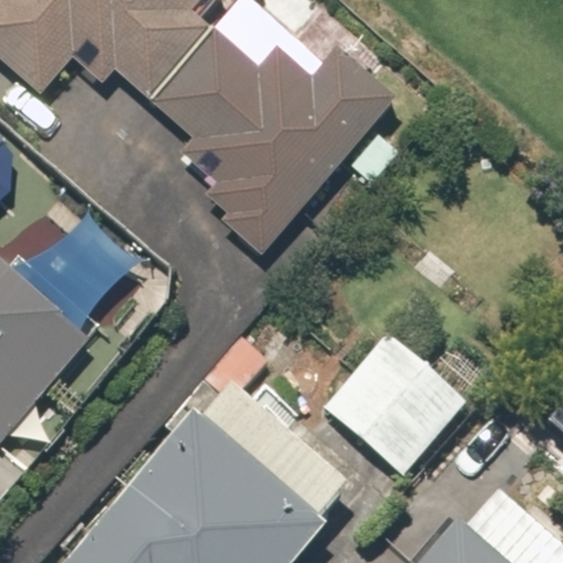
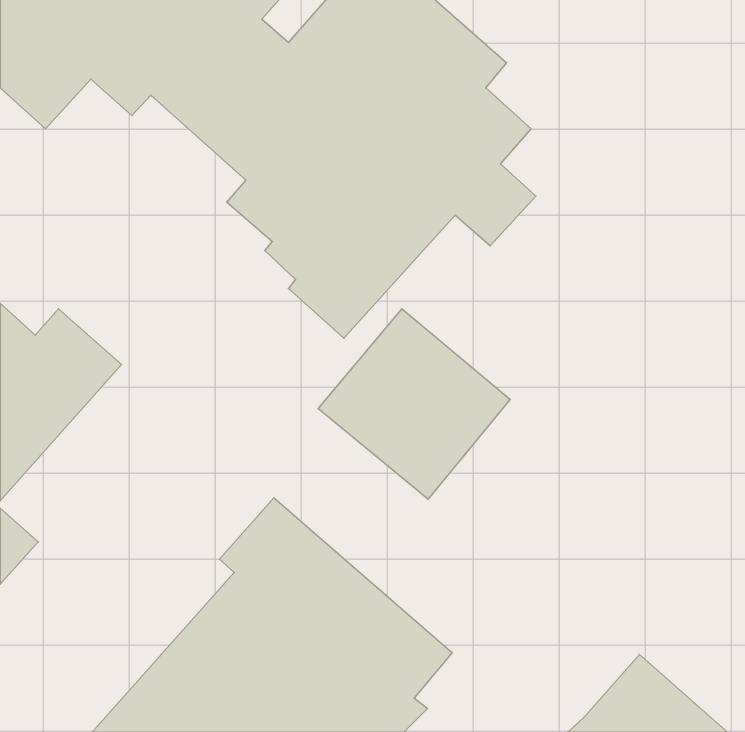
building: [322,333,466,476] -> [318,309,510,499]

